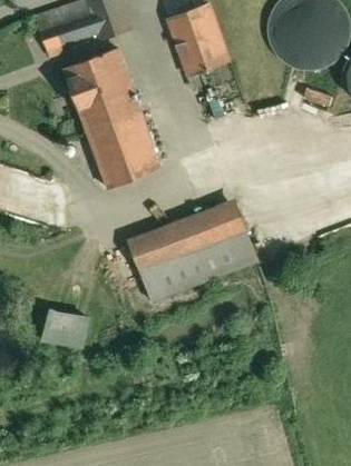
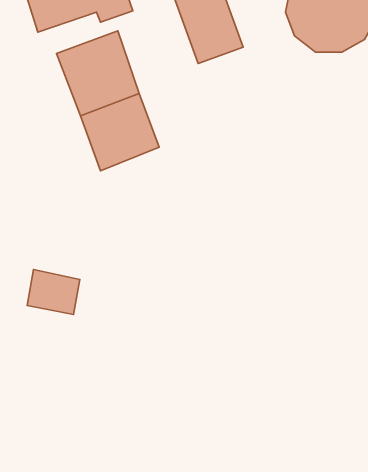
building: [101,151,159,189] -> none
building: [131,211,257,300] -> none
building: [46,307,92,347] -> [27,269,80,314]

